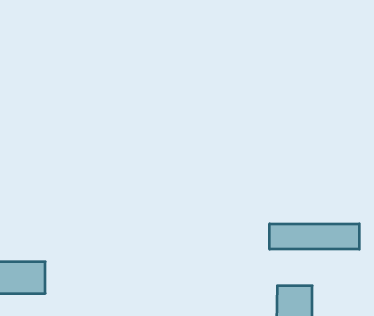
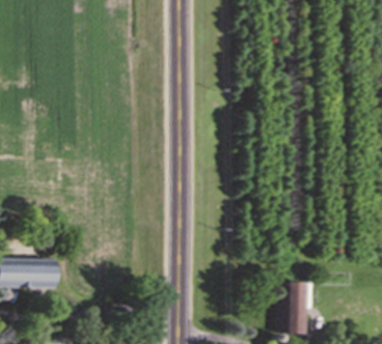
building: [270,224,359,249] -> none

